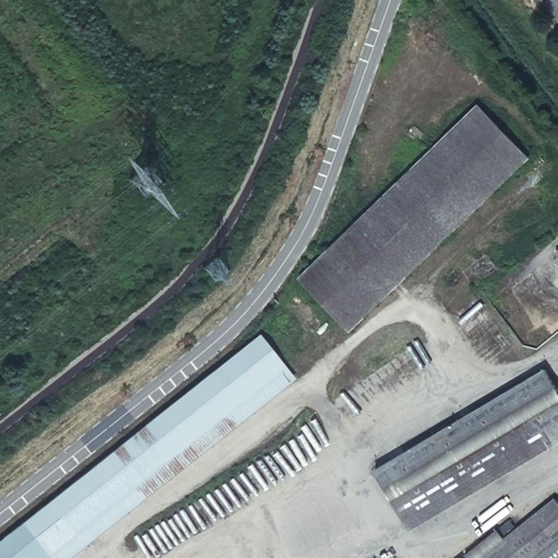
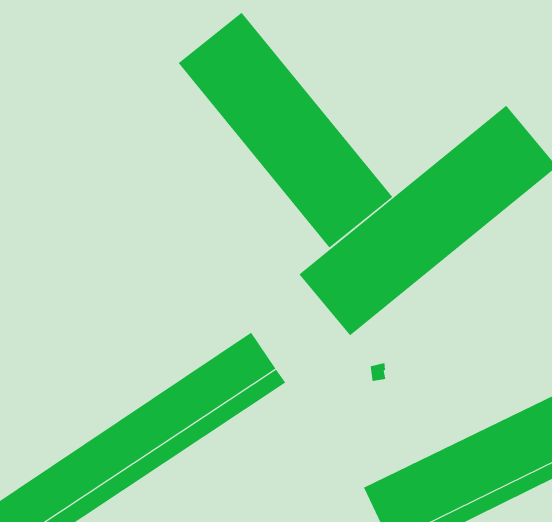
building: none -> [178,12,393,248]

